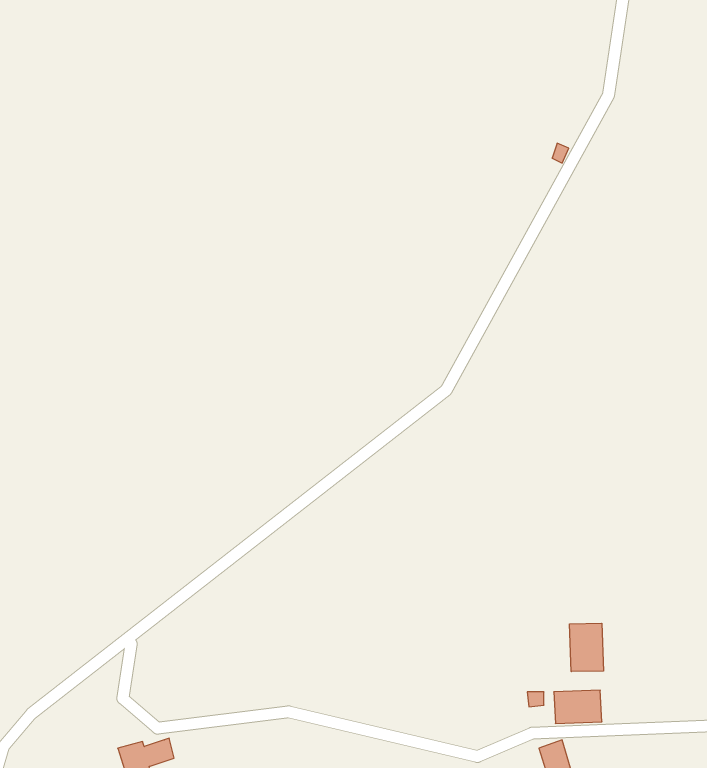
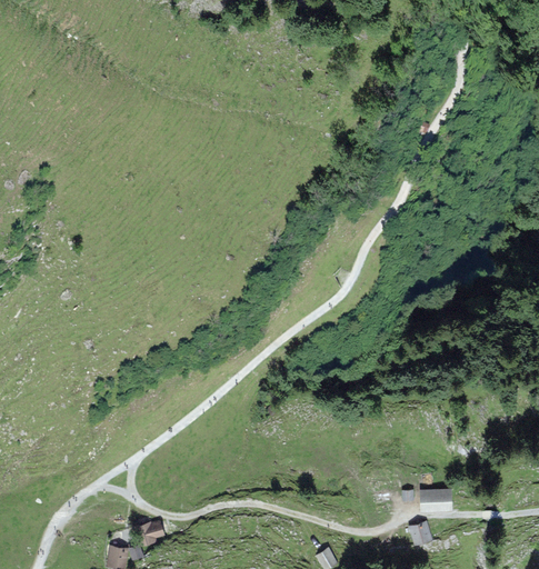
building: [570,623,603,672] -> none

